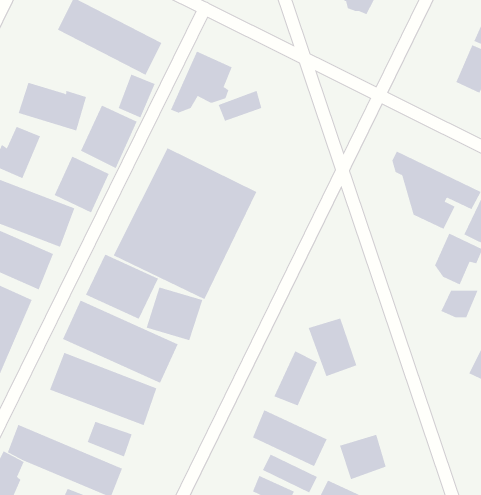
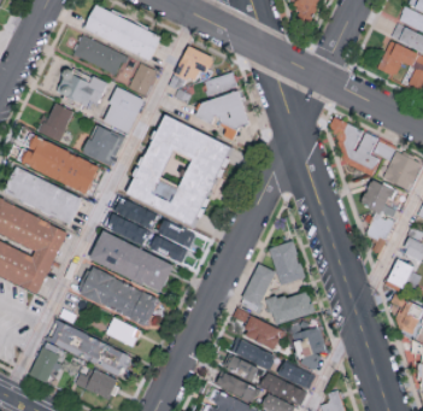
building: none -> [72,35,122,75]
building: none -> [195,93,249,142]
building: none -> [268,292,315,327]

